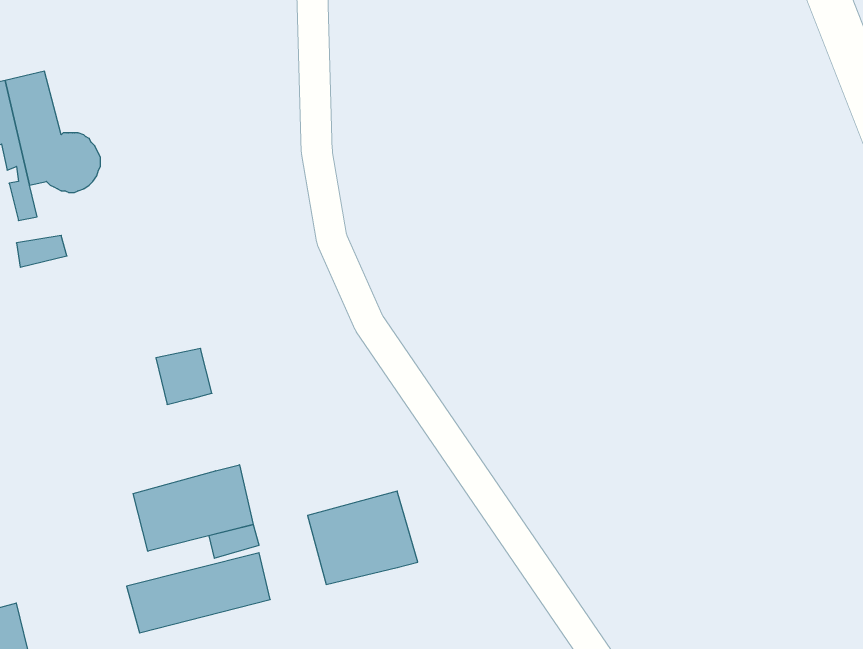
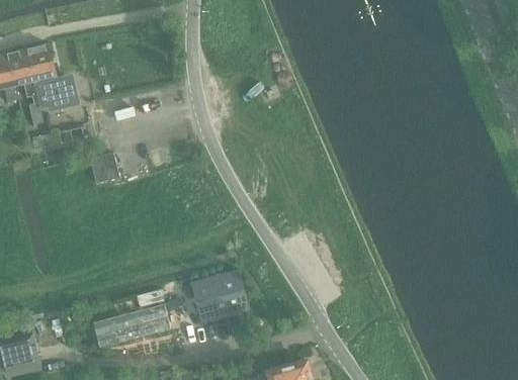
building: [156,348,212,404] -> [88,153,118,183]
building: [133,465,253,551] -> none

